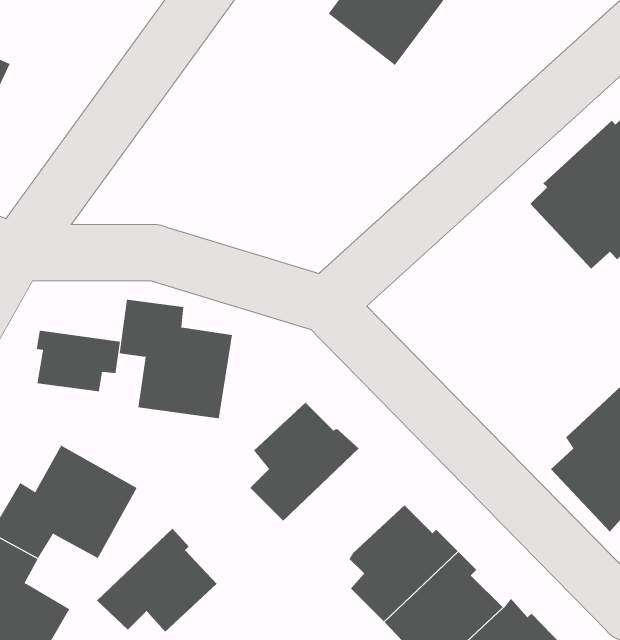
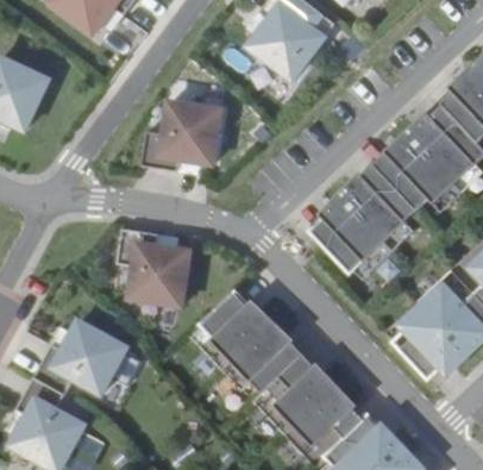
building: none -> [142,101,221,170]
building: none -> [312,167,418,270]
building: [36,330,120,392] -> none
building: [96,528,217,632] -> [221,322,299,389]

